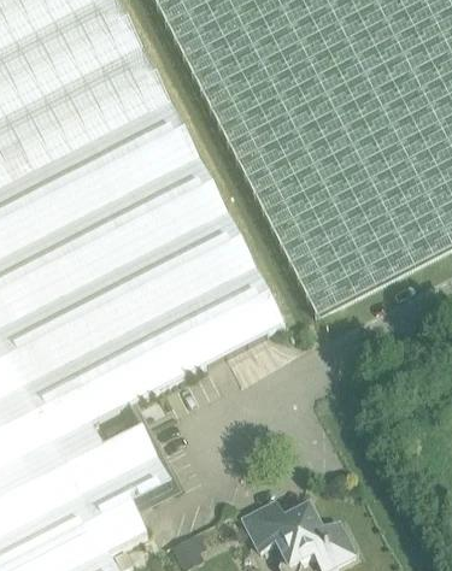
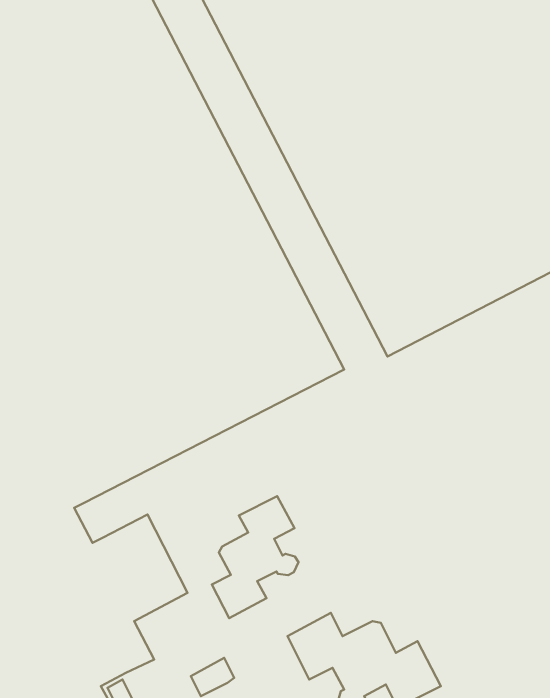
building: none -> [212,496,299,618]

